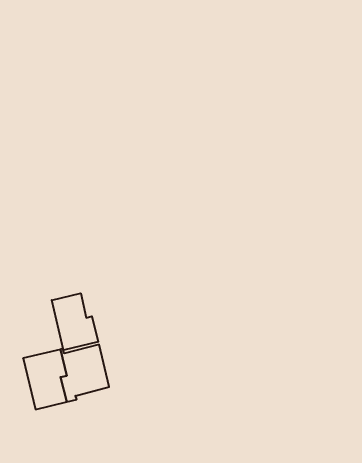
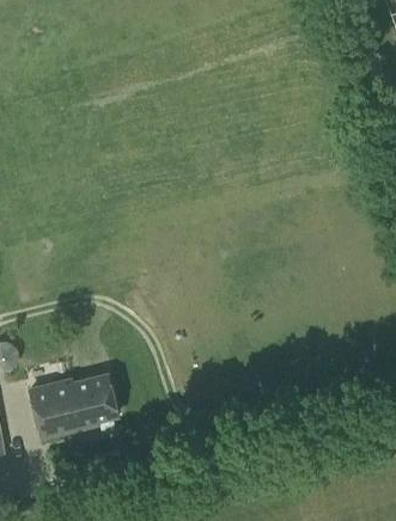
building: [52,293,98,350] -> none

